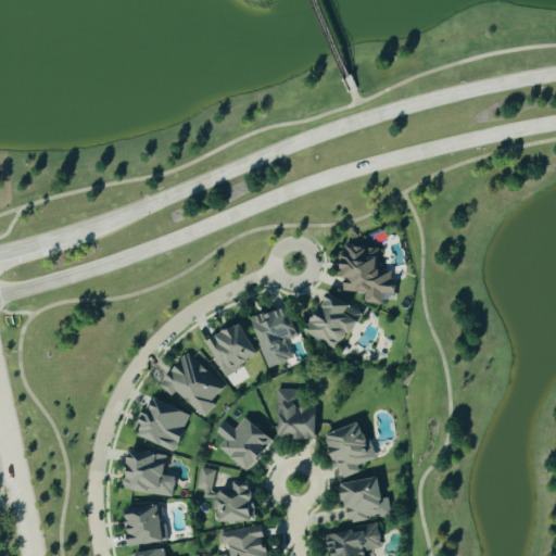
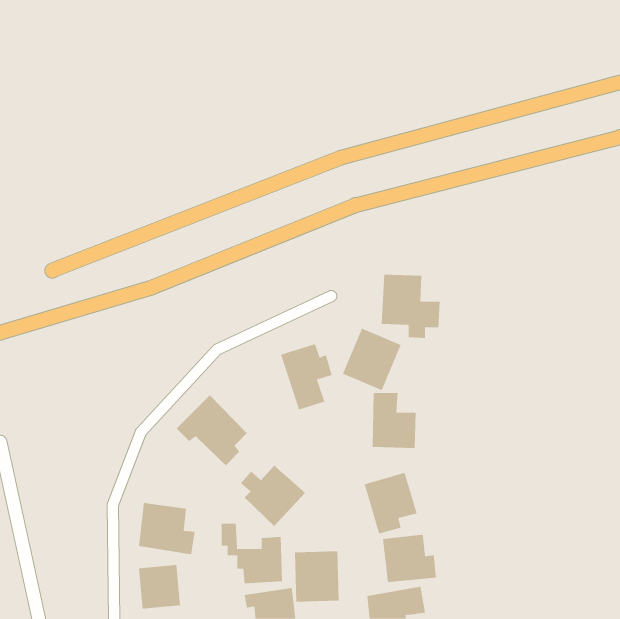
building: [204,321,258,376] -> none
building: [276,389,316,439] -> [372,393,417,448]
building: [137,399,190,451] -> none
building: none -> [295,551,339,602]

